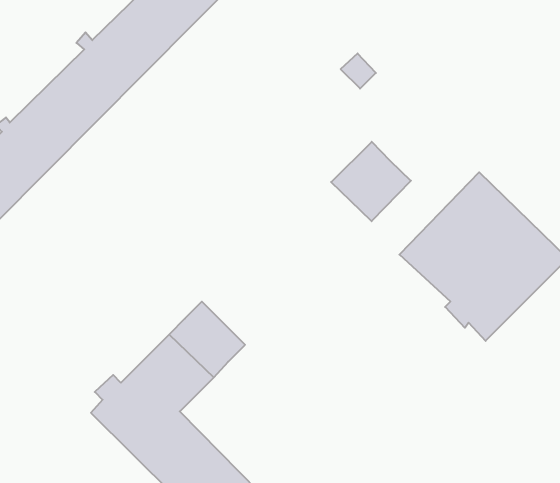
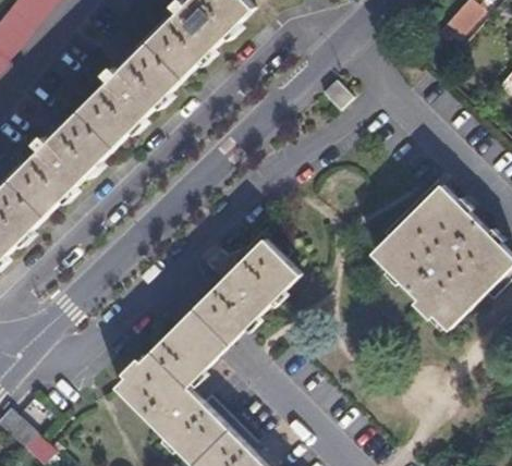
building: [331,142,411,221] -> none
building: none -> [208,240,297,330]

